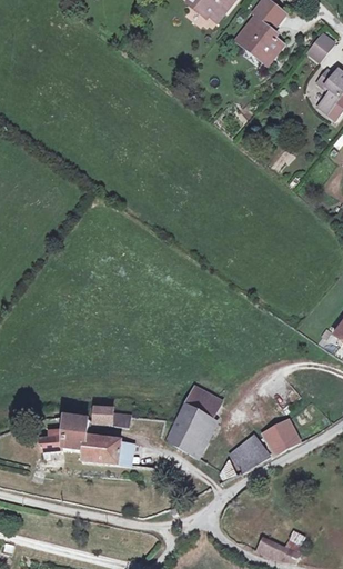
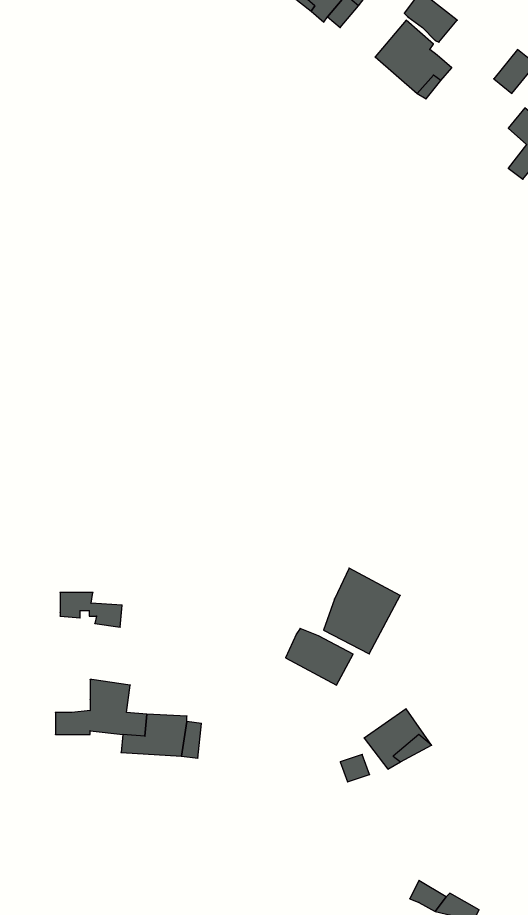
building: [167,405,213,457] -> [324,568,400,654]
building: [92,409,130,430] -> [60,592,122,627]
building: [263,420,300,457] -> none

